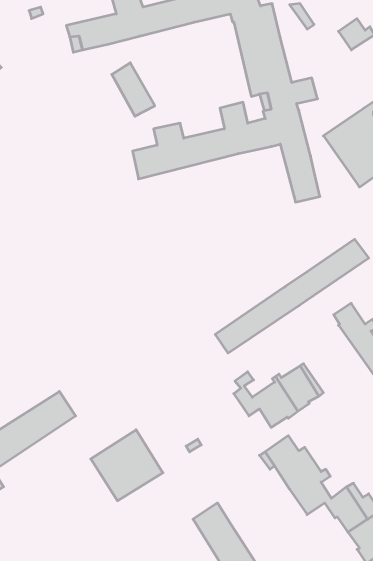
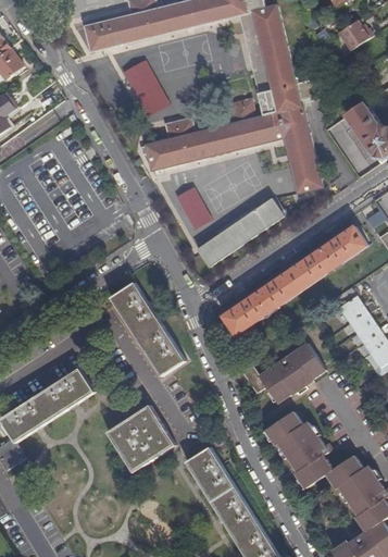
building: none -> [177,187,210,226]
building: none -> [197,197,285,265]
building: none -> [110,282,185,375]
building: none -> [186,447,225,488]

